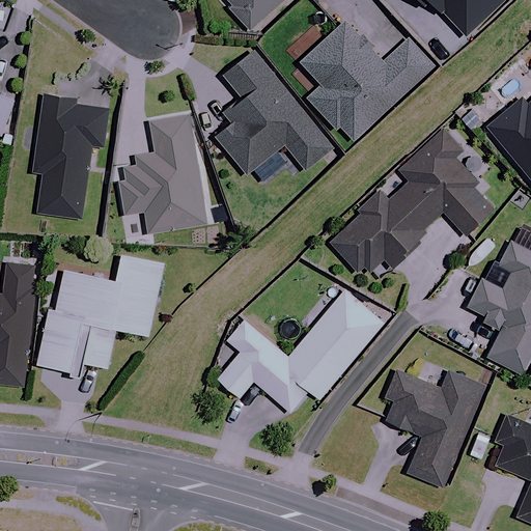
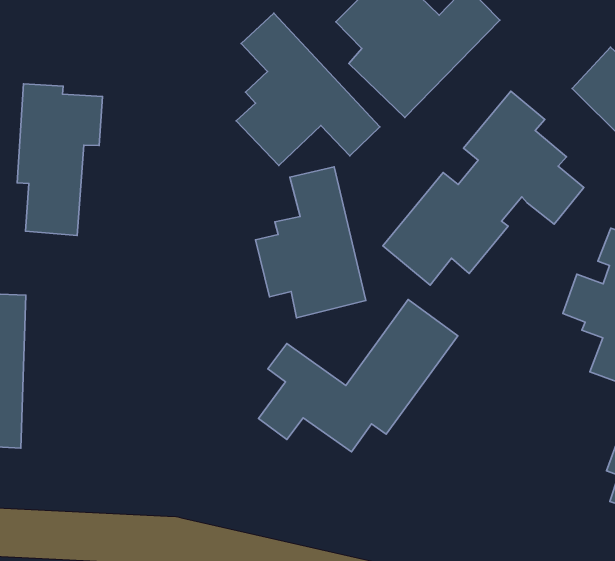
building: [119,114,205,234] -> [256,167,366,318]
building: [37,253,164,372] -> none
building: [388,368,486,484] -> none

